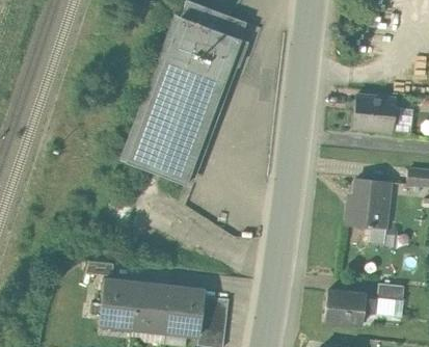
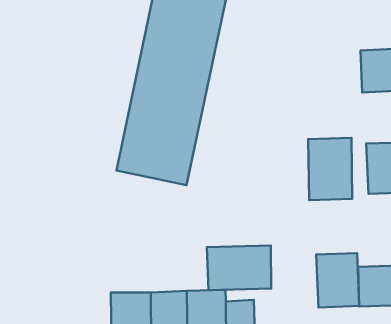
building: none -> [308,138,352,200]
building: none -> [207,245,271,290]
building: none -> [316,253,359,307]

